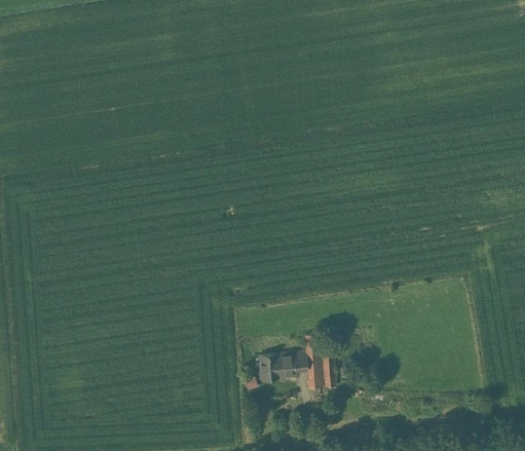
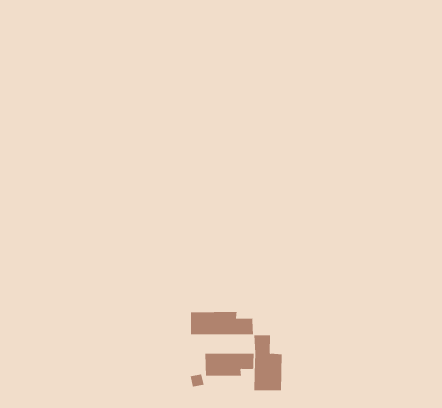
building: none -> [190,311,254,335]

